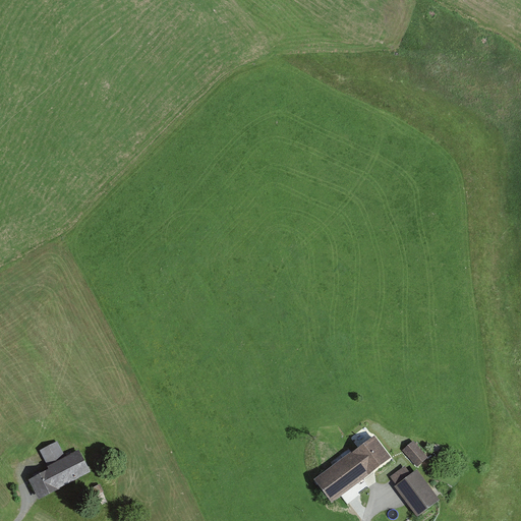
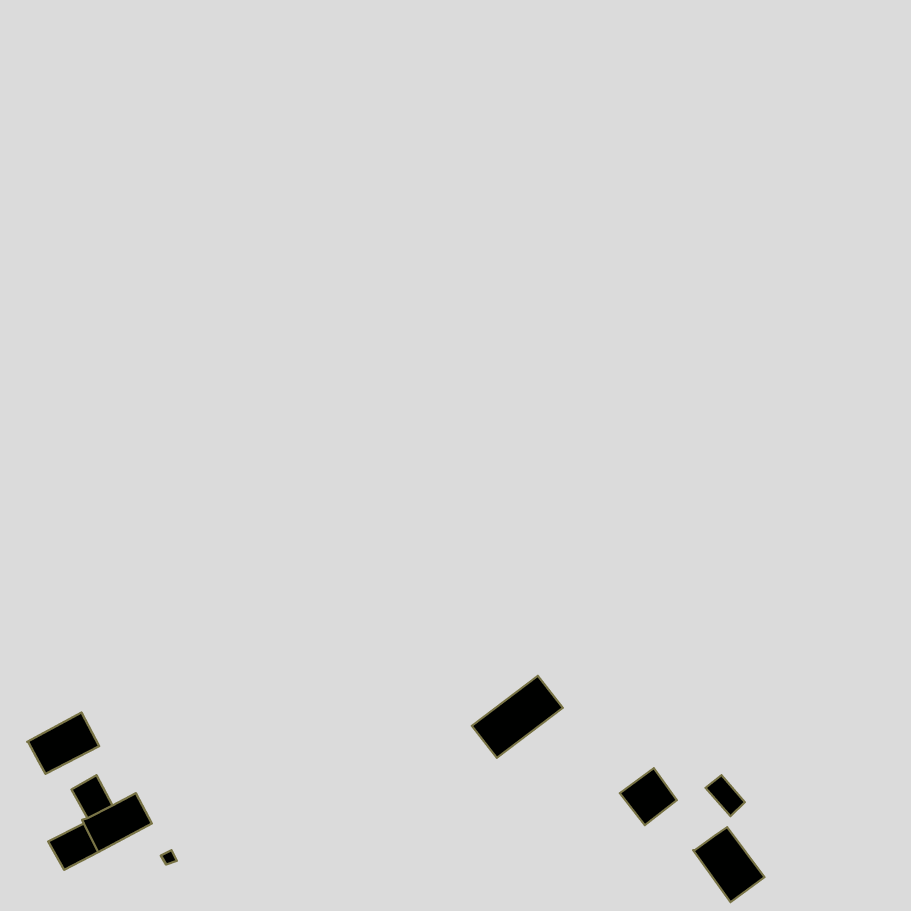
building: none -> [27,713,99,774]
building: [316,452,368,499] -> [472,676,563,758]

